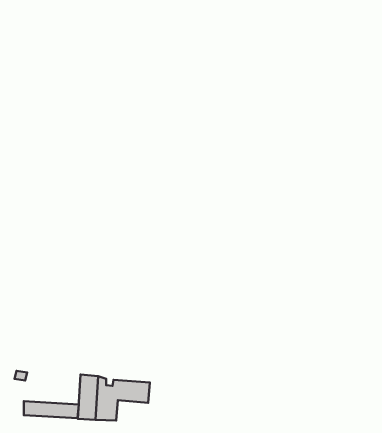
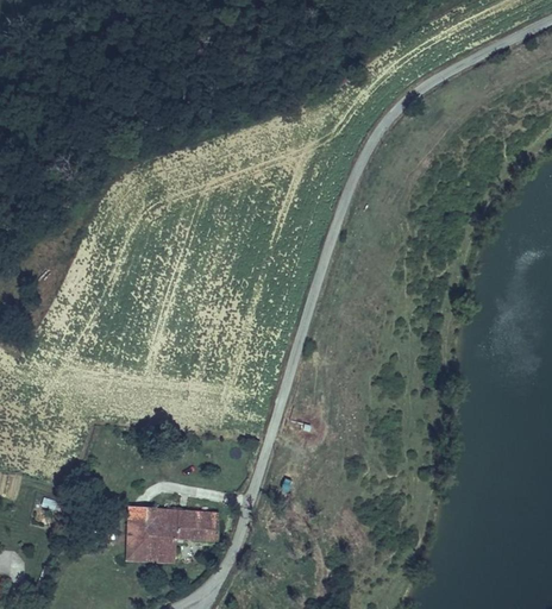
building: [24,401,79,418] -> none

